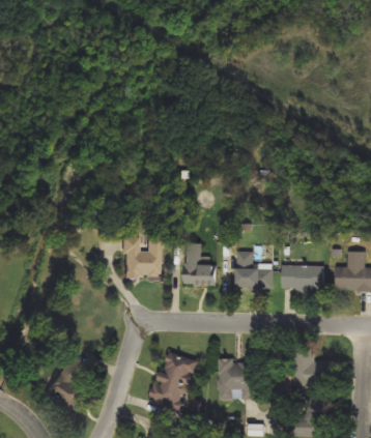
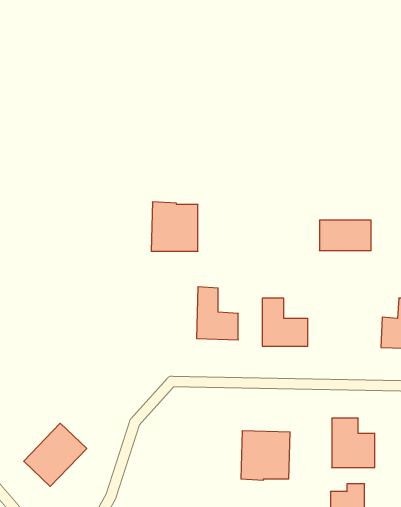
building: [121,236,160,276] -> [151,202,198,251]
building: [282,265,324,290] -> [319,220,371,251]
building: [149,349,199,410] -> none

